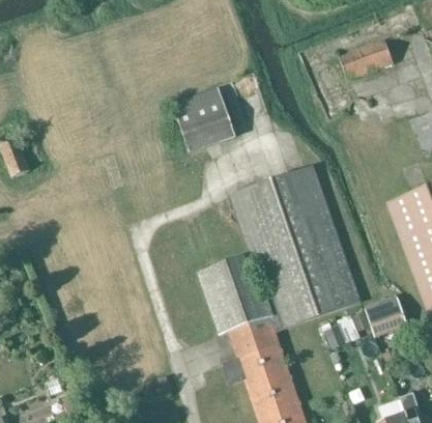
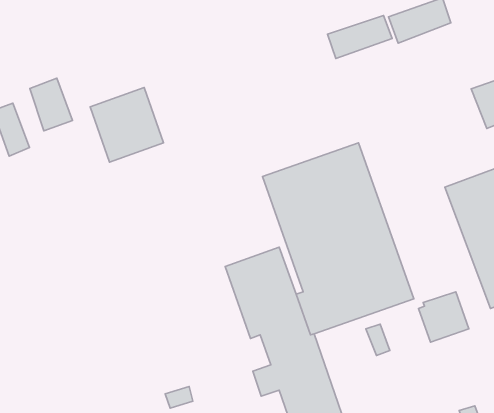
building: none -> [328,16,392,58]
building: [173,86,236,150] -> [90,88,163,162]
building: none -> [30,78,72,131]

